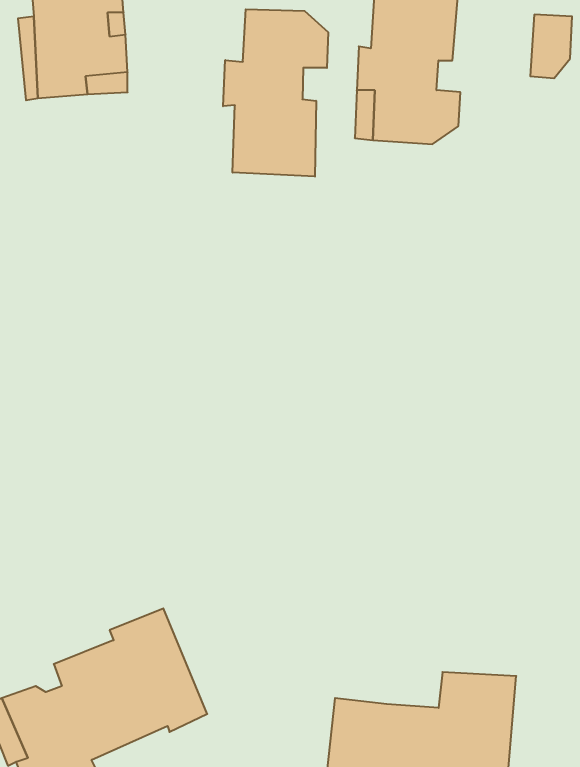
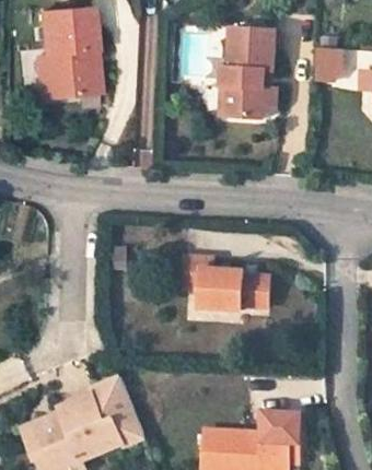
building: [223,9,328,177] -> none
building: none -> [182,258,267,315]

